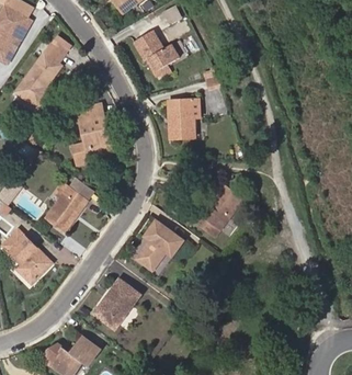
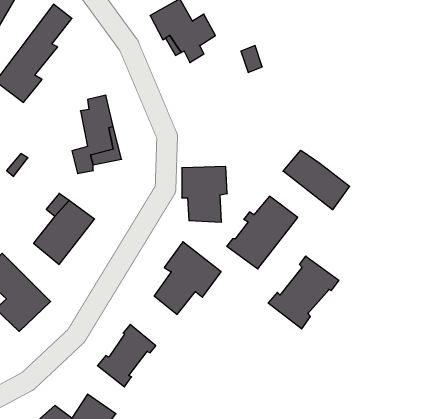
building: [168,96,203,139] -> [182,167,227,222]
building: none -> [283,150,350,210]
building: none -> [268,256,339,329]

